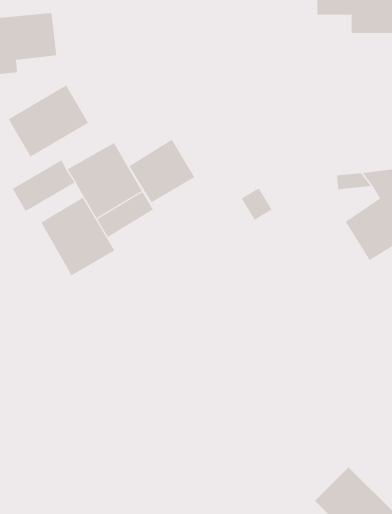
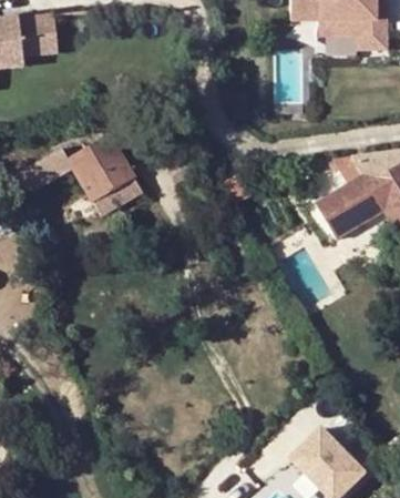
building: [8,84,89,157] -> none
building: [128,139,195,203] -> none
building: [40,197,115,276] -> none

